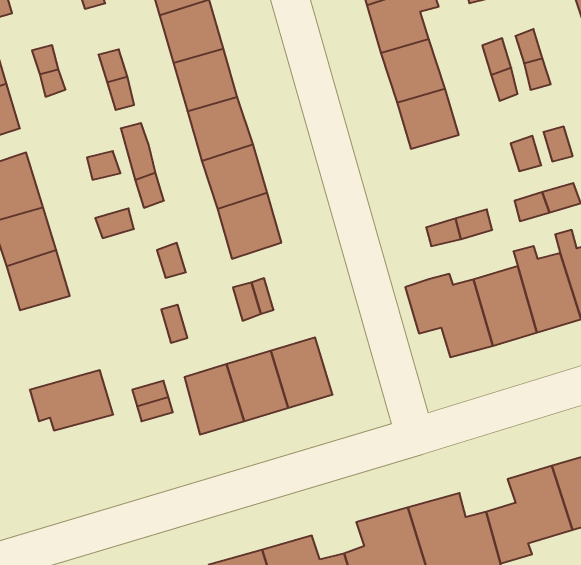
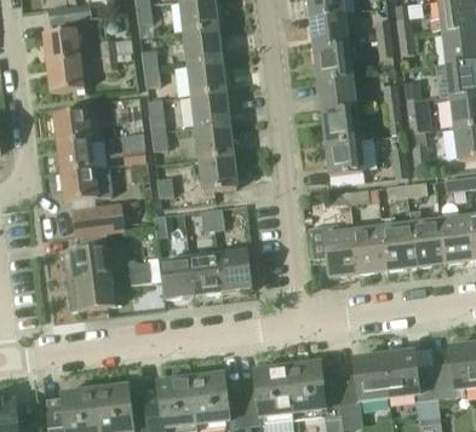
building: none -> [327,137,377,174]
building: none -> [74,203,125,236]
building: none -> [68,276,116,310]

